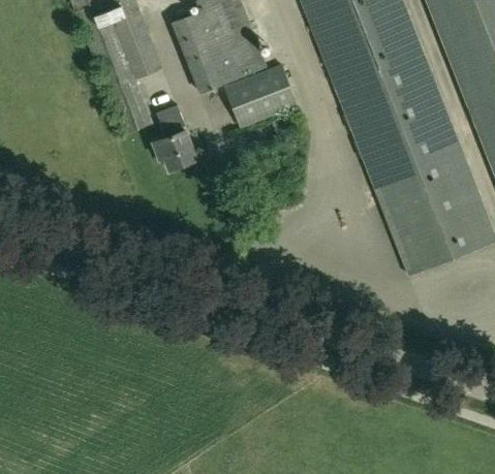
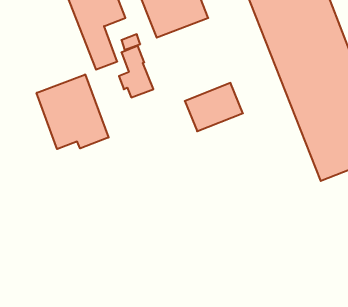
building: [224,66,298,127] -> [185,83,243,131]
building: none -> [37,74,109,149]

